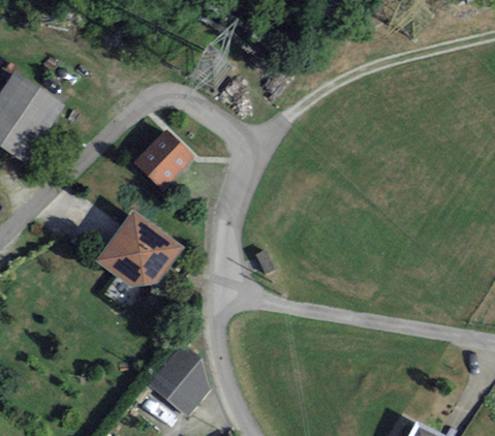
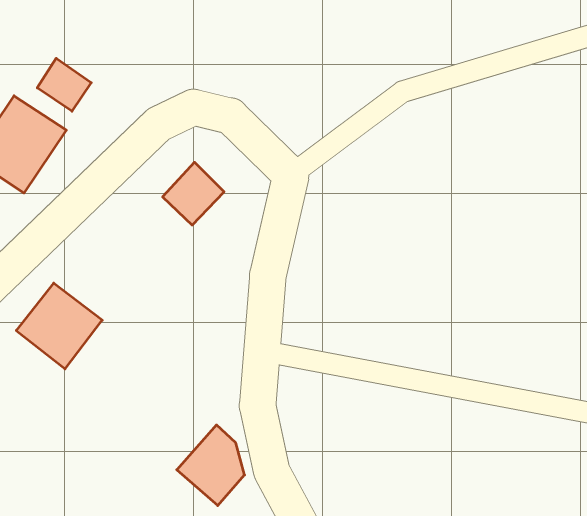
building: none -> [37,58,91,111]
building: [100,218,169,287] -> [16,283,102,369]

